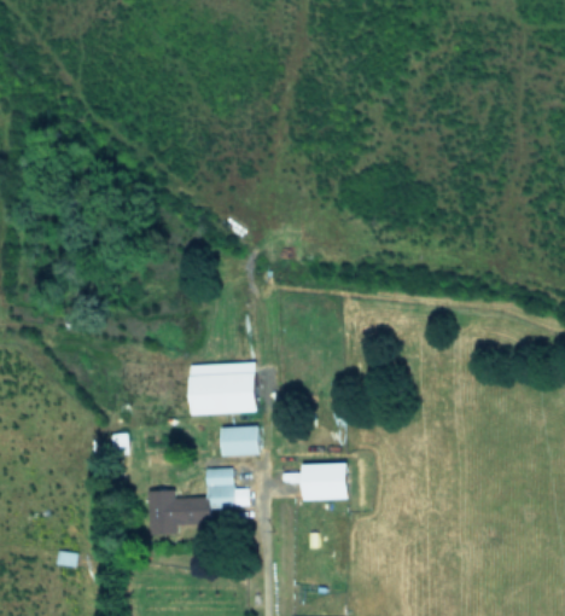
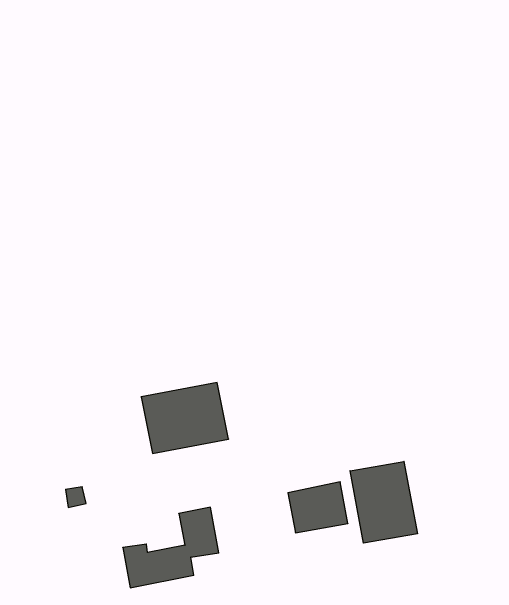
building: [219,426,257,457] -> none
building: none -> [350,461,417,543]

